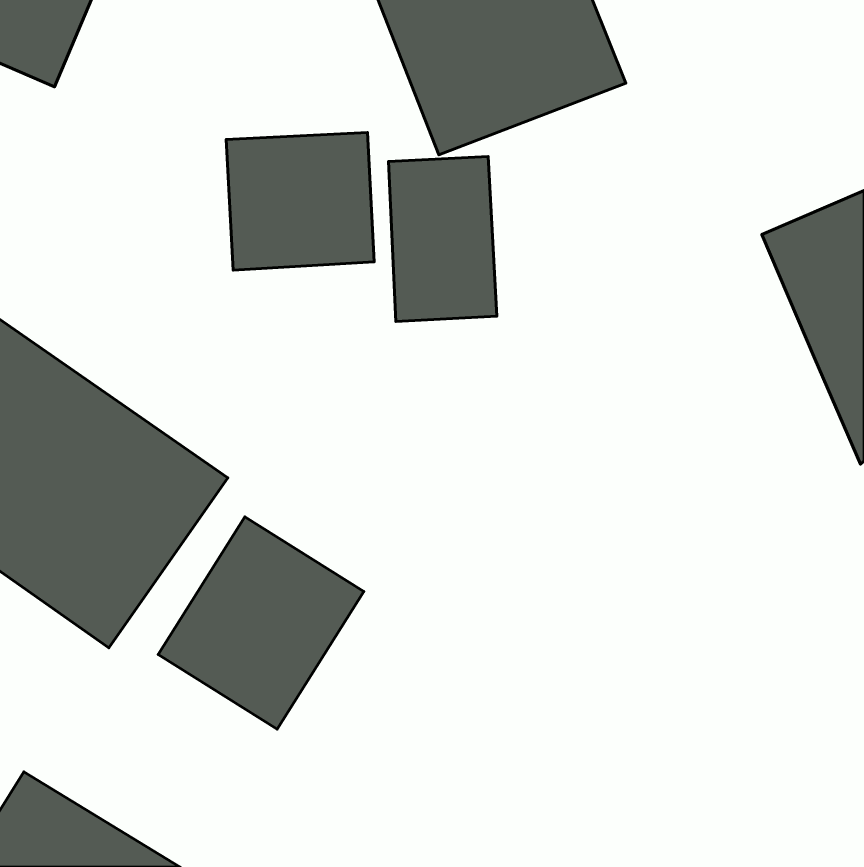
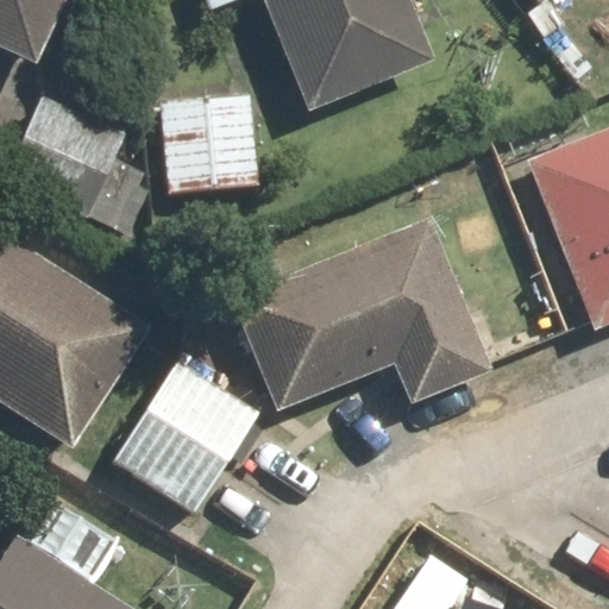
building: none -> [6,101,151,232]
building: [388,156,497,321] -> none
building: none -> [245,222,488,412]

